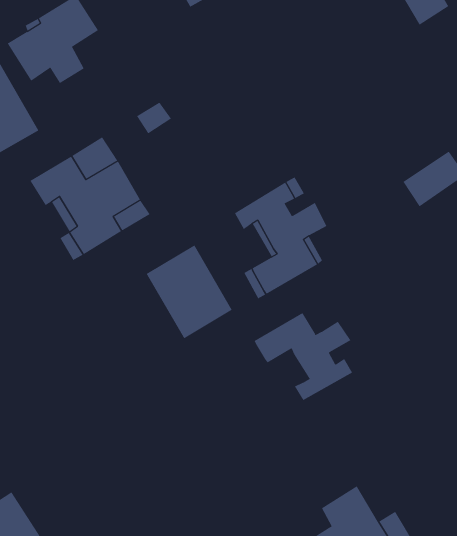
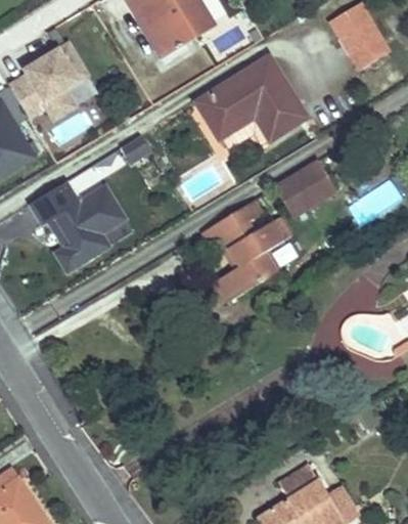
building: none -> [197,58,307,138]
building: none -> [274,161,336,217]
building: [146,245,233,339] -> none
building: [254,312,353,401] -> none

